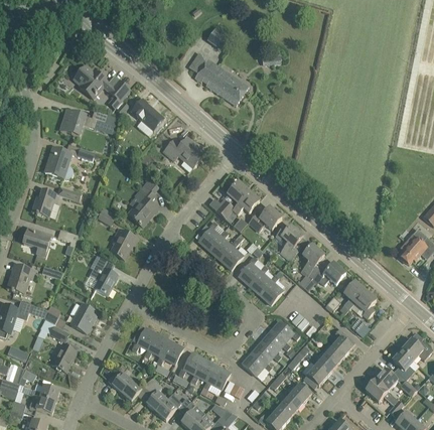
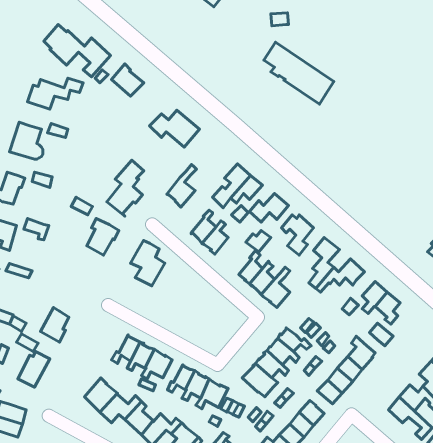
building: [188,51,248,104] -> [264,42,334,104]
building: [219,233,244,269] -> [167,164,196,207]
building: [89,256,118,294] -> [131,241,165,286]

